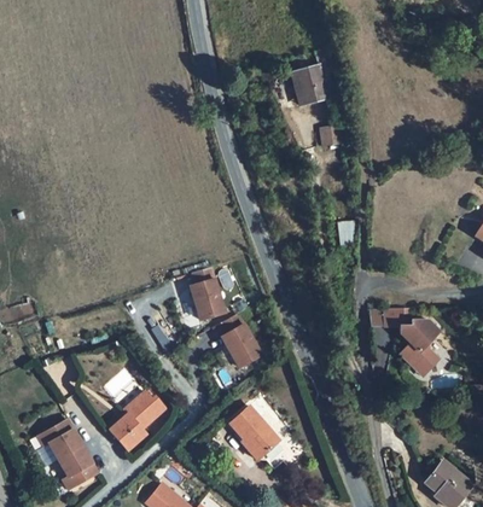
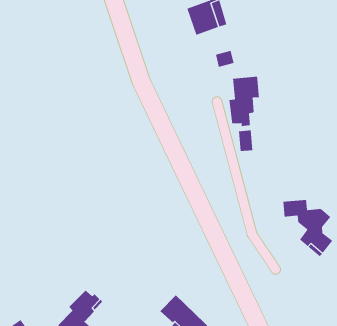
building: none -> [229,76,259,127]
building: [190,267,225,320] -> none
building: [221,313,262,367] -> none

